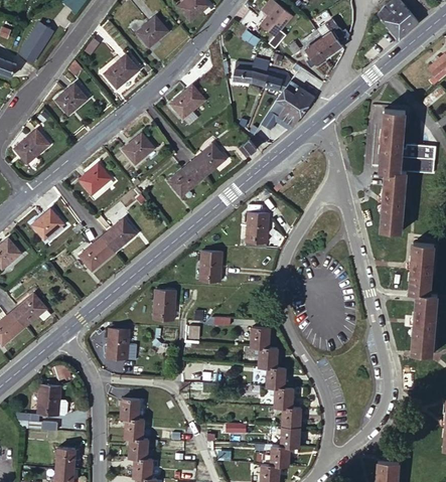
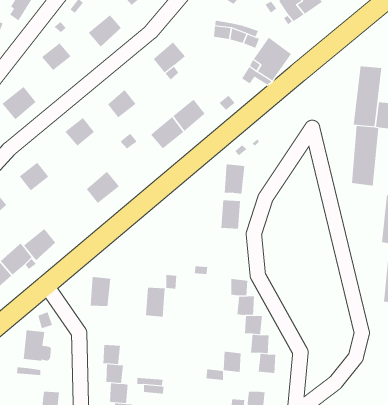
building: [80,236,114,271] -> [23,228,56,261]
building: [199,250,220,280] -> [220,200,241,229]
building: [152,289,173,320] -> [145,287,166,317]
building: [279,426,298,448] -> [223,351,241,373]

